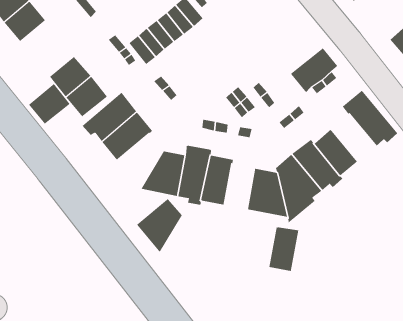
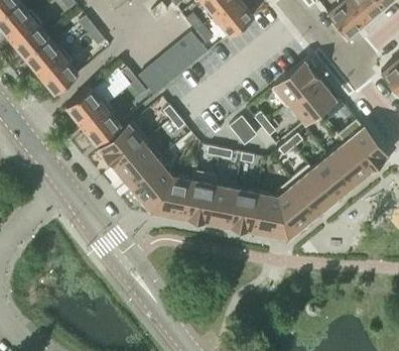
building: none -> [271,58,319,108]
building: [28,83,70,124] -> [38,54,78,93]
building: none -> [326,141,369,186]
building: [136,198,183,253] -> [128,159,171,211]
building: [269,226,299,271] -> [228,188,256,230]

